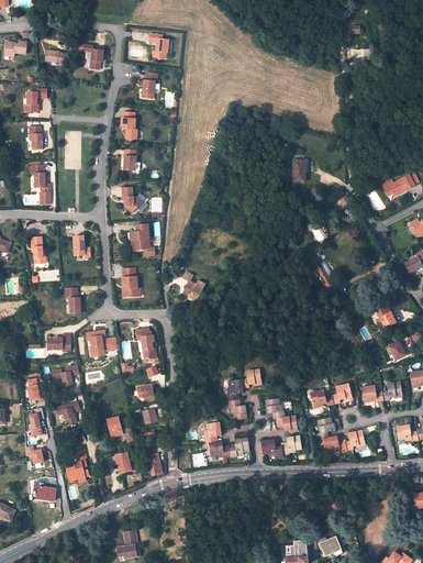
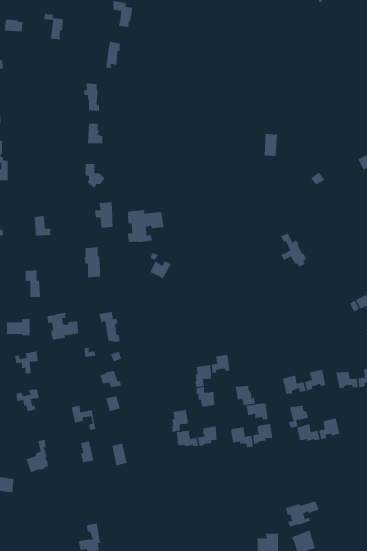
building: none -> [127,210,164,243]
building: none -> [286,500,319,527]

